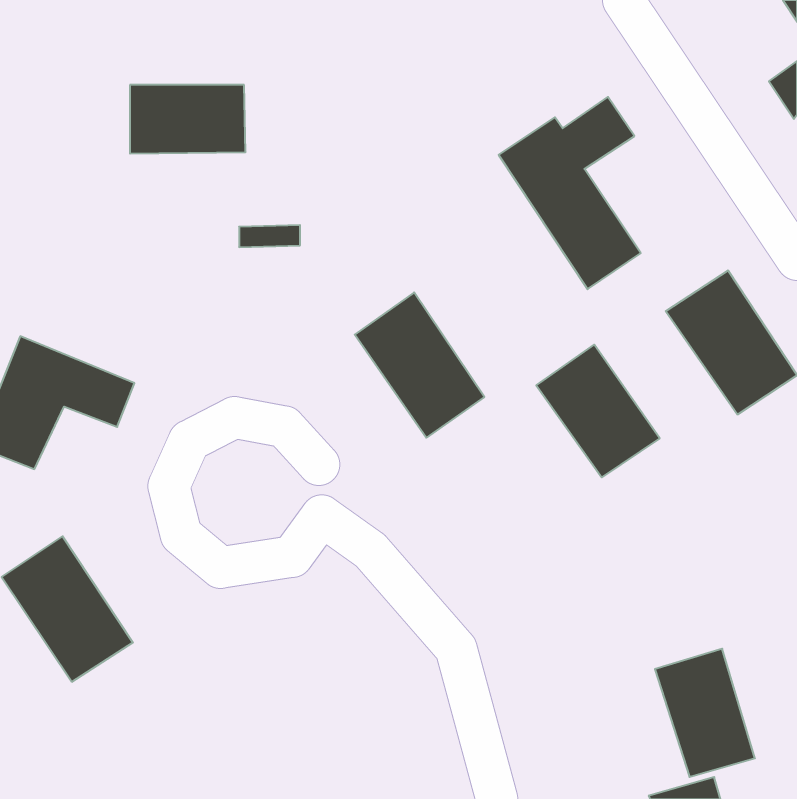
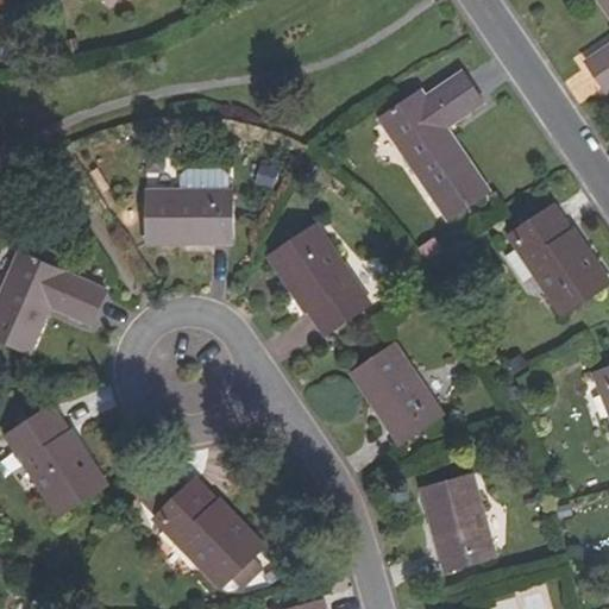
building: [130,85,246,154] -> [145,190,233,243]
building: [536,345,660,477] -> [351,341,445,442]
building: none -> [159,478,268,582]
building: [655,649,755,777] -> [420,472,496,570]

